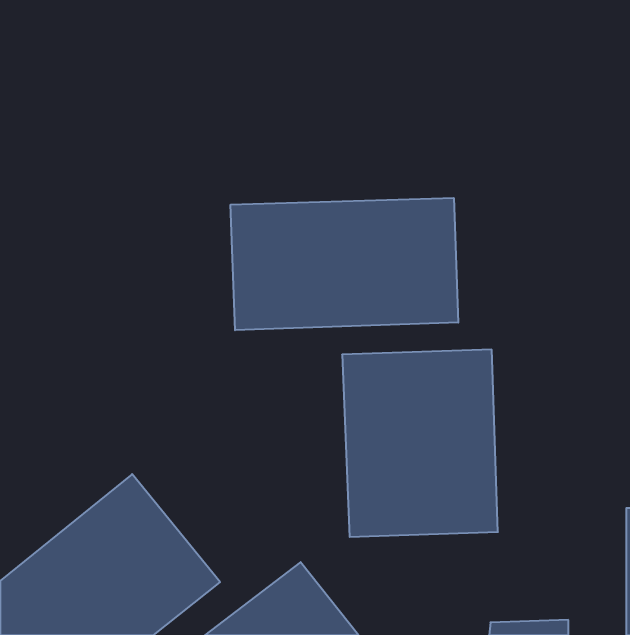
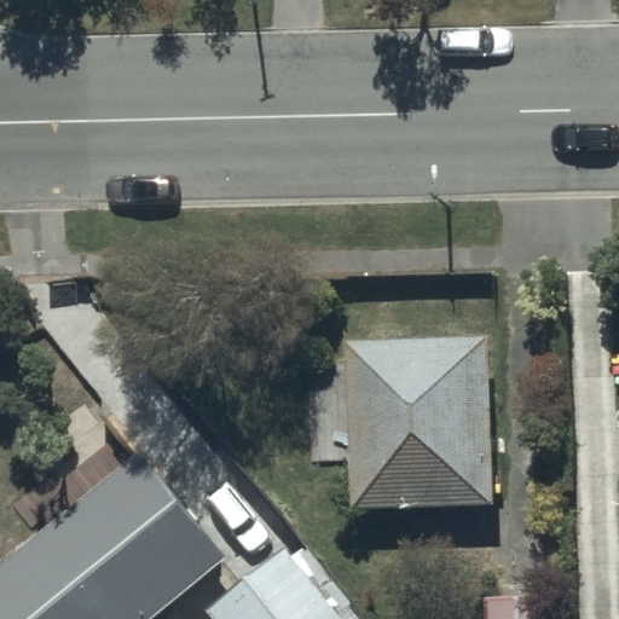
building: [231,198,458,330] -> none

